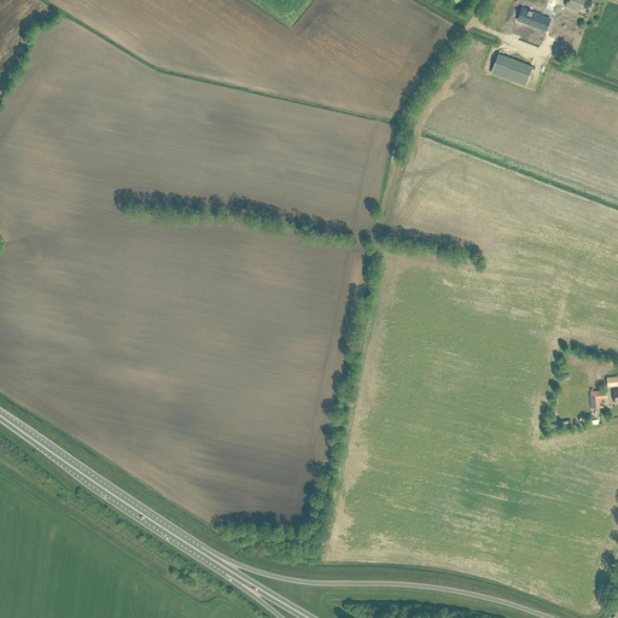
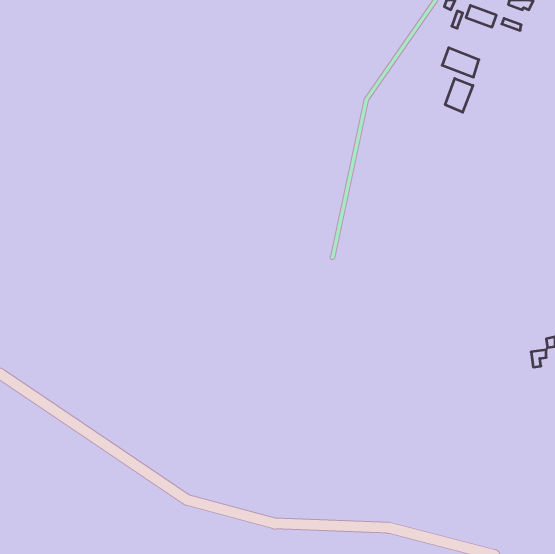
building: none -> [445,78,473,112]

